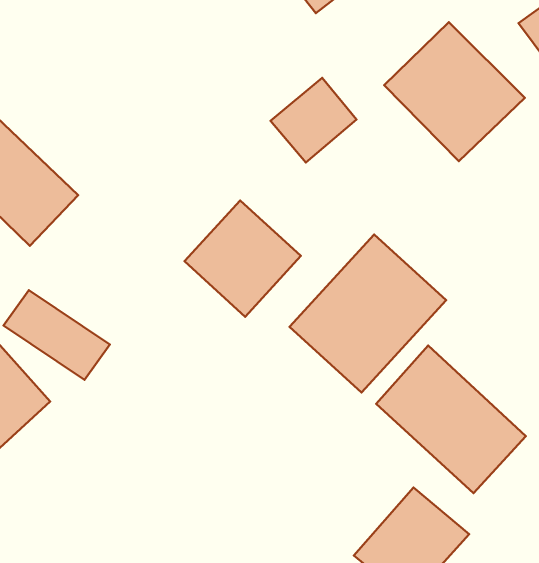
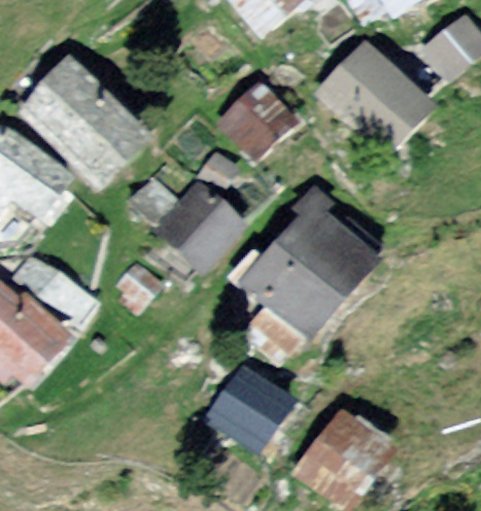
building: none -> [12,67,139,198]
building: [376,345,526,493] -> none
building: none -> [200,381,282,465]

